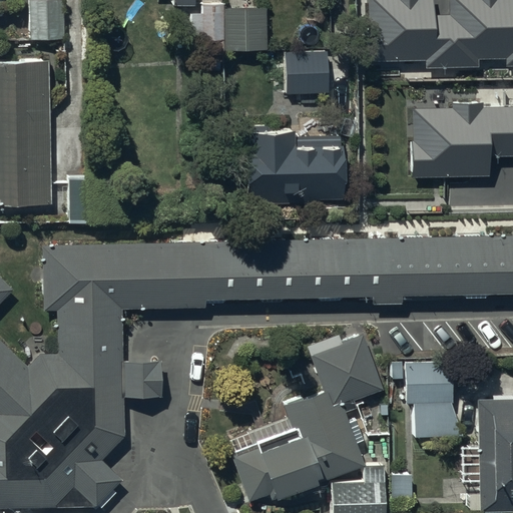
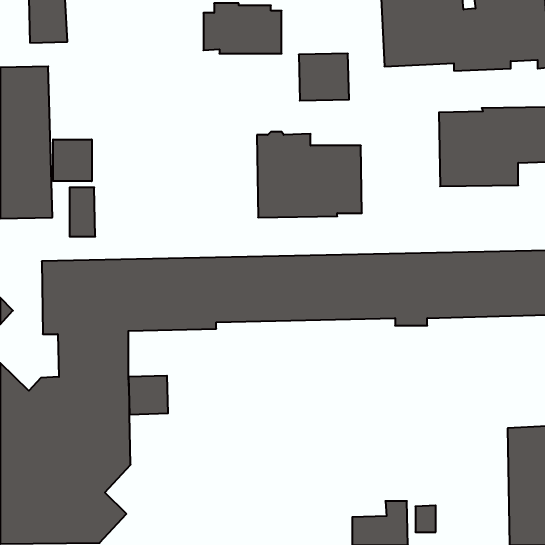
building: none -> [53,139,92,181]
building: [231,335,384,502] -> none
building: [405,362,461,438] -> none

